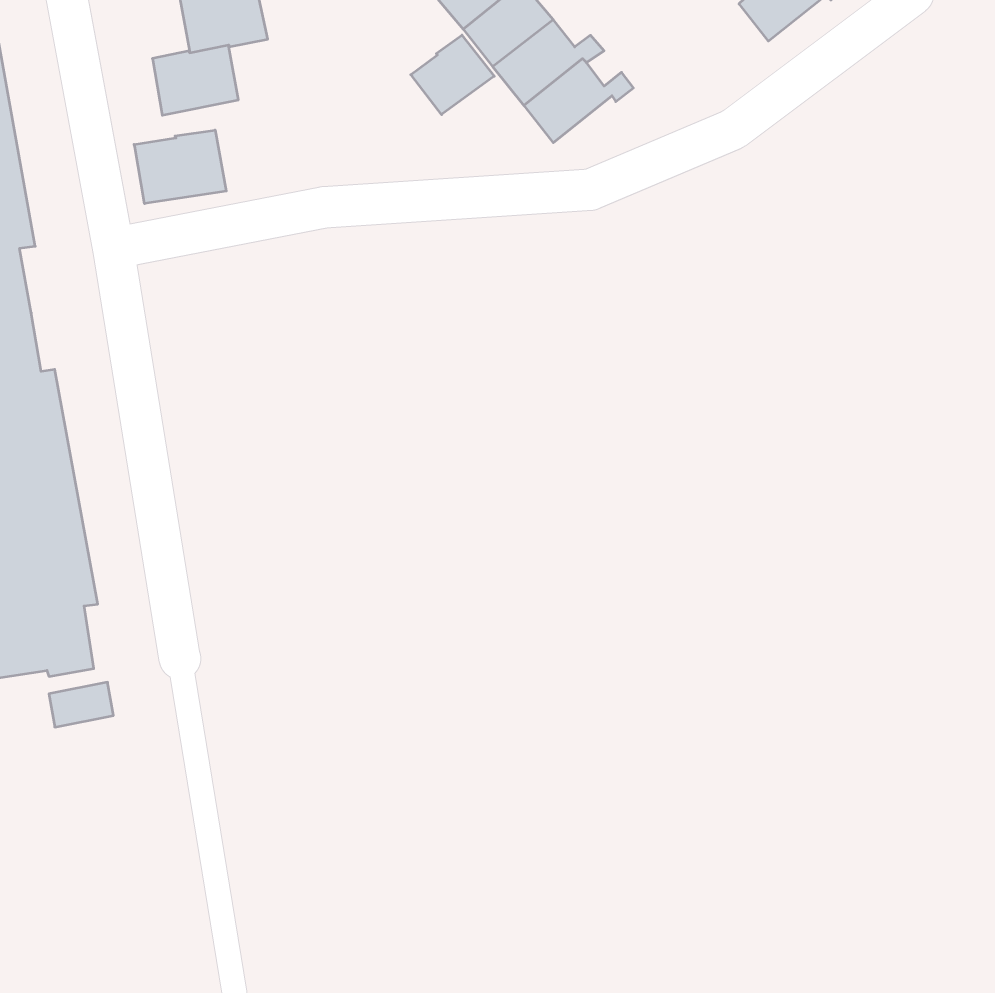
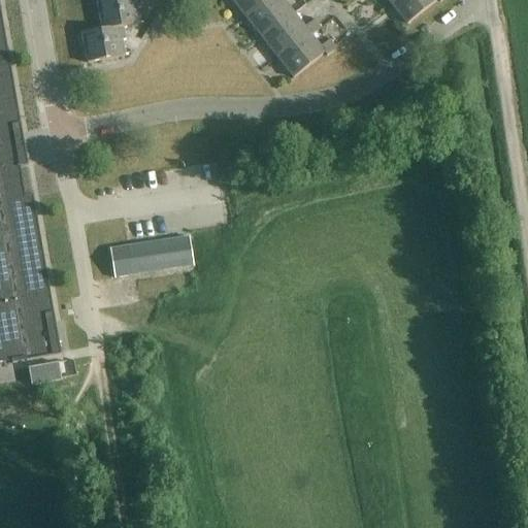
building: [411,35,494,115] -> none
building: [134,130,226,204] -> none
building: none -> [107,234,191,276]

